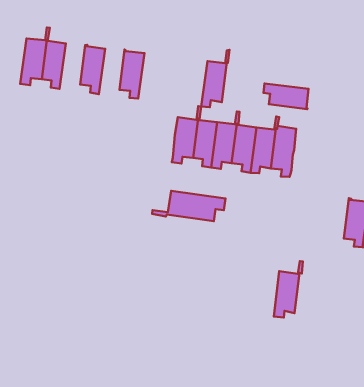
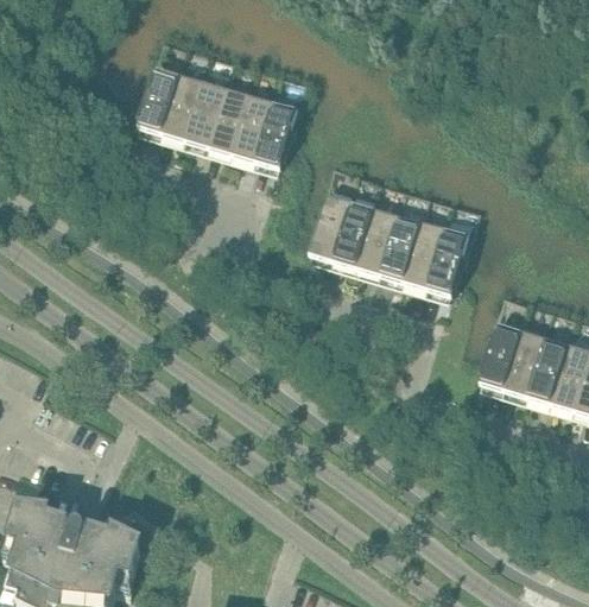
building: none -> [185,75,232,143]
building: [201,50,230,107] -> [233,89,279,156]
building: [264,83,309,109] -> none
building: [152,191,225,221] -> none
building: [274,261,303,318] -> [480,317,526,384]

